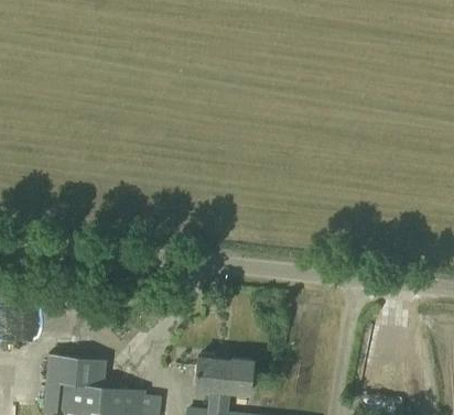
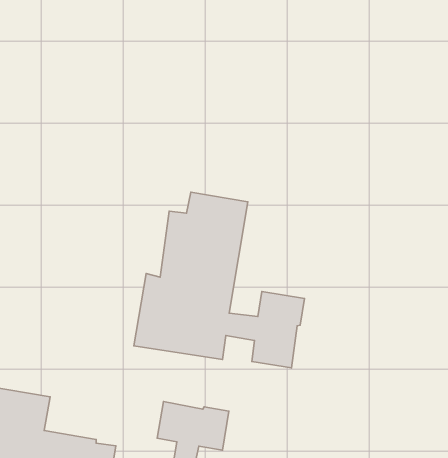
building: none -> [134,192,305,368]

